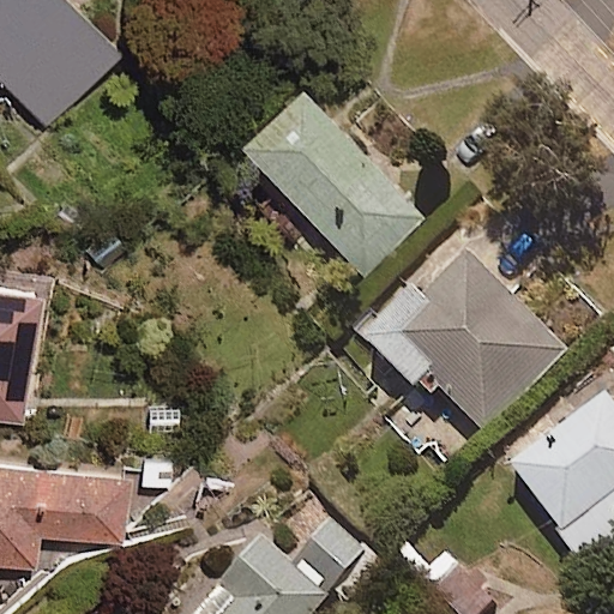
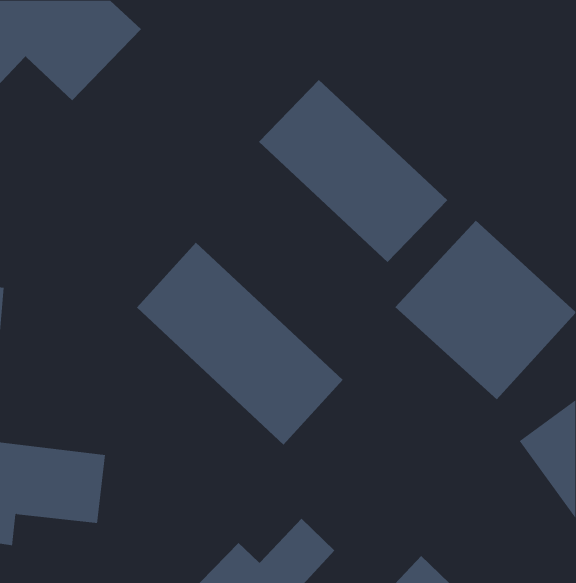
building: none -> [136,242,343,446]

